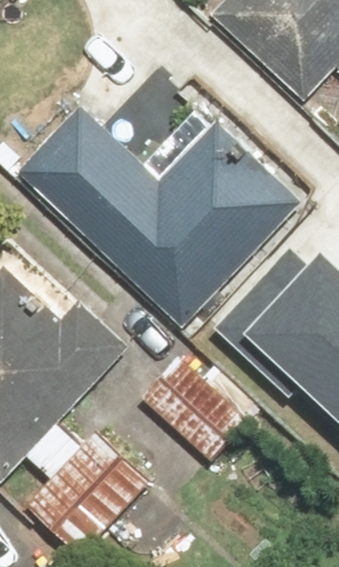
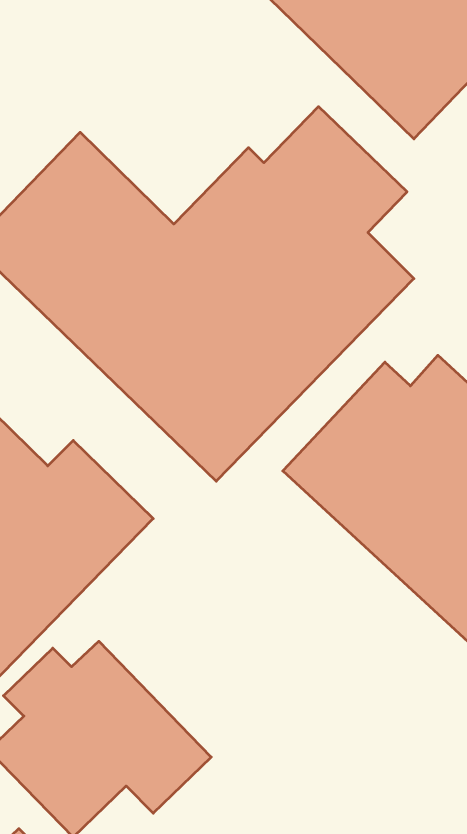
building: [137,349,258,466] -> none

